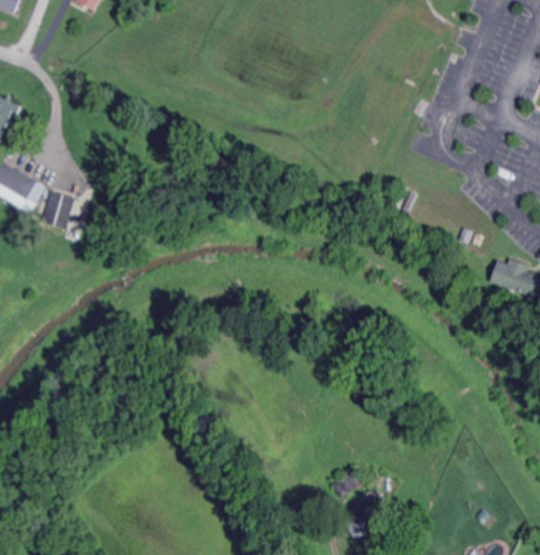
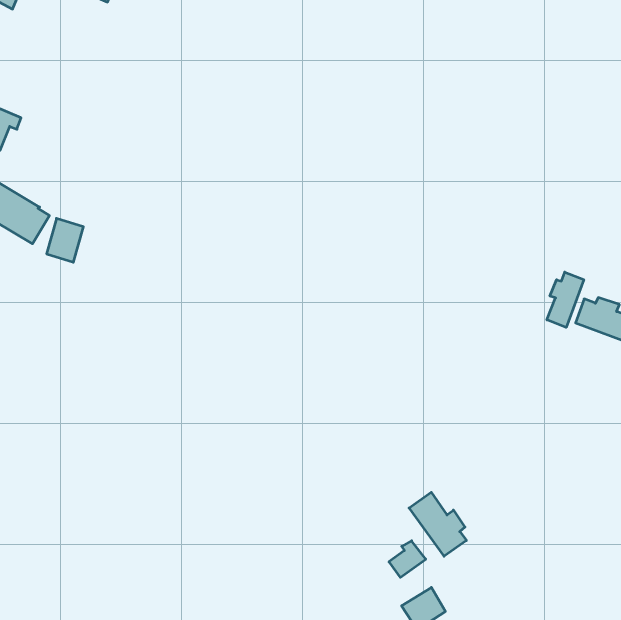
building: none -> [547,272,584,327]
building: none -> [409,492,466,556]

